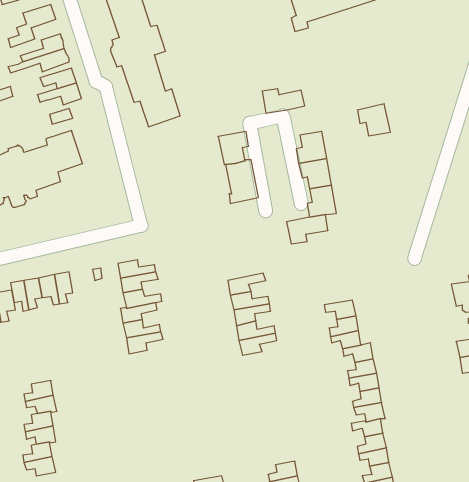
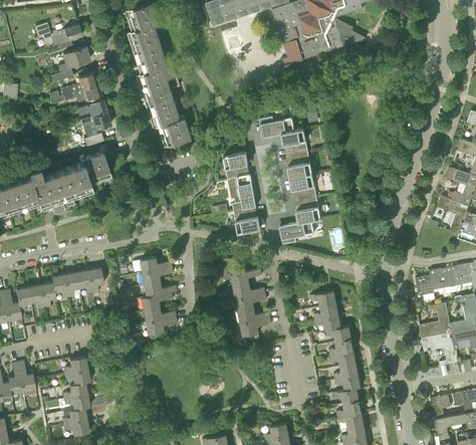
building: [357,104,390,136] -> [281,129,308,155]
building: none -> [233,207,260,233]

